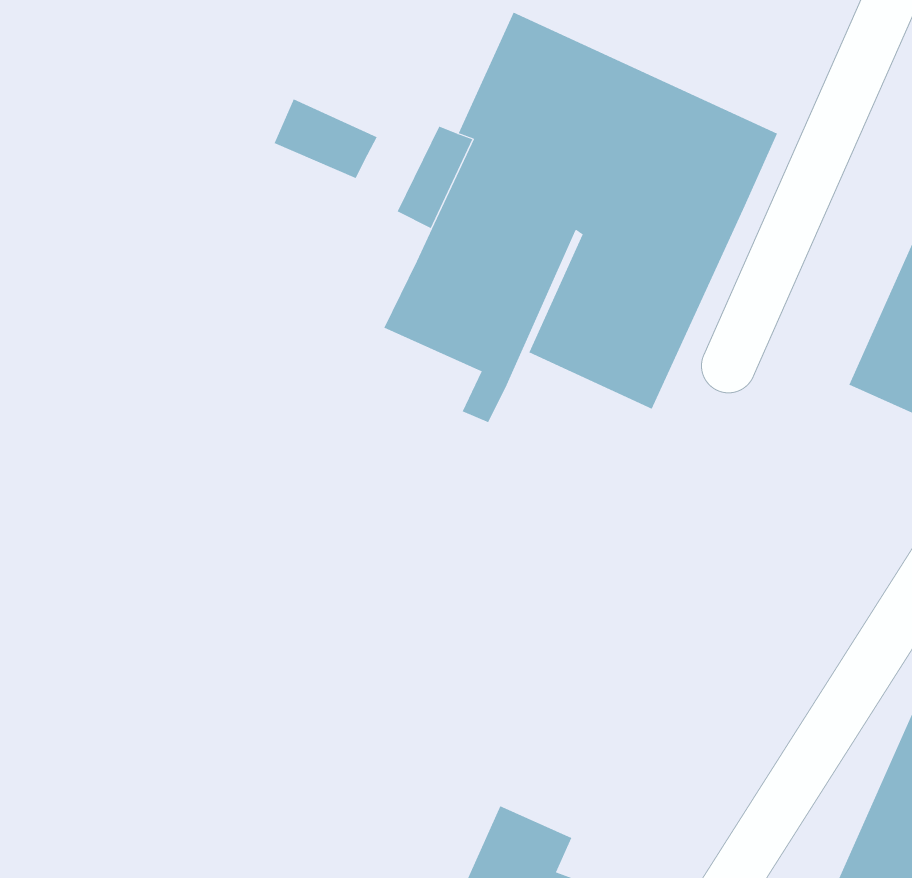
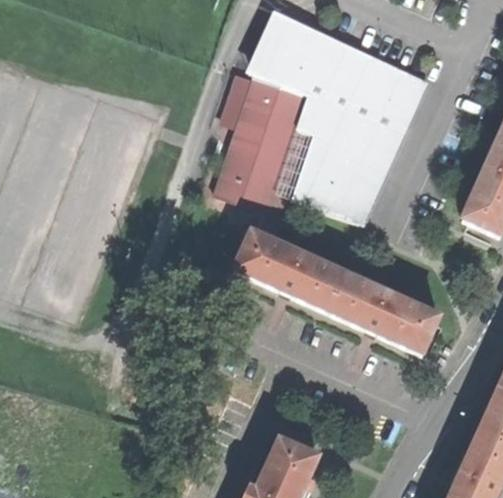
building: [274,98,378,179] -> none
building: none -> [235,231,437,348]

